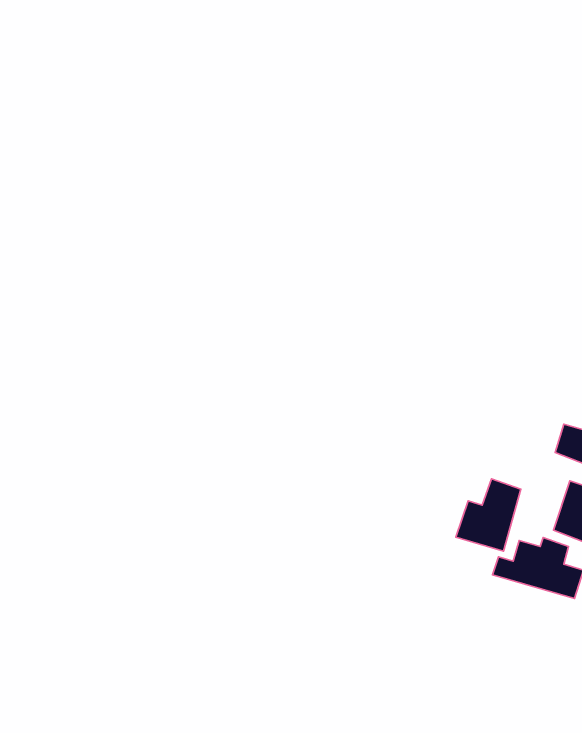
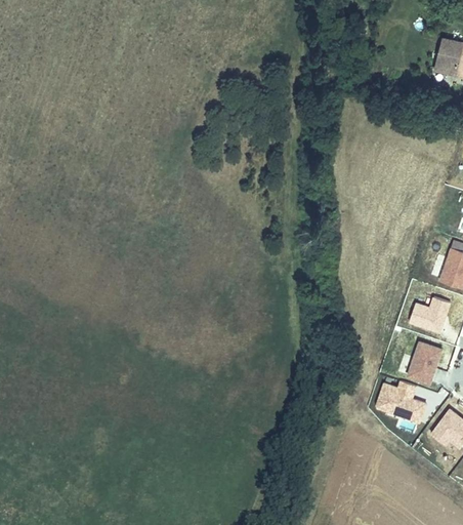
building: [456,479,521,551] -> none

